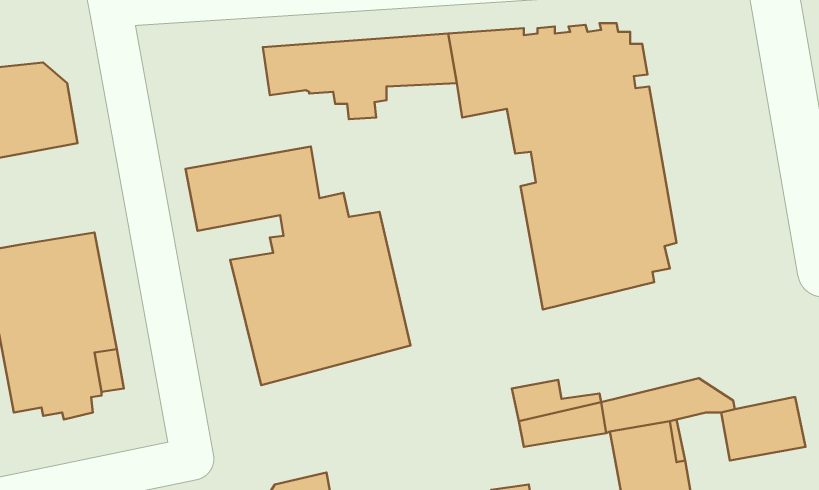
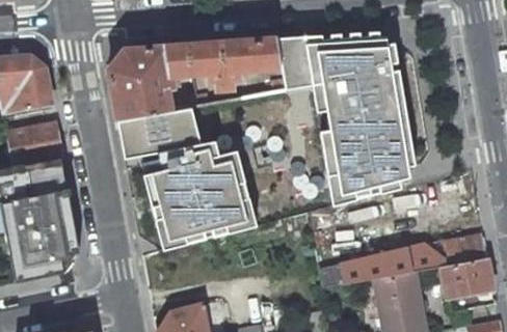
building: none -> [108,47,180,120]
building: none -> [11,126,62,166]
building: none -> [428,237,485,266]

